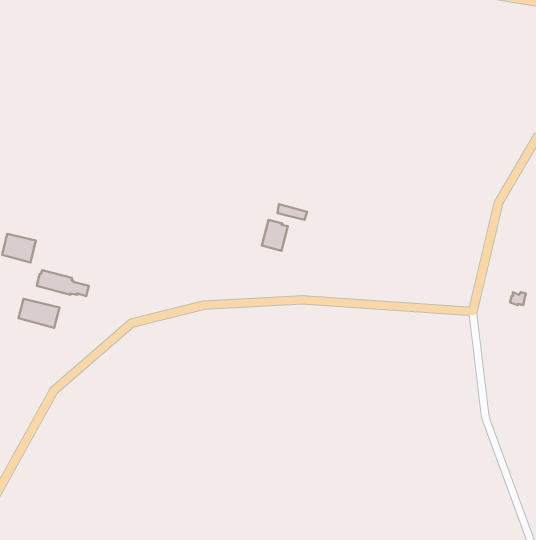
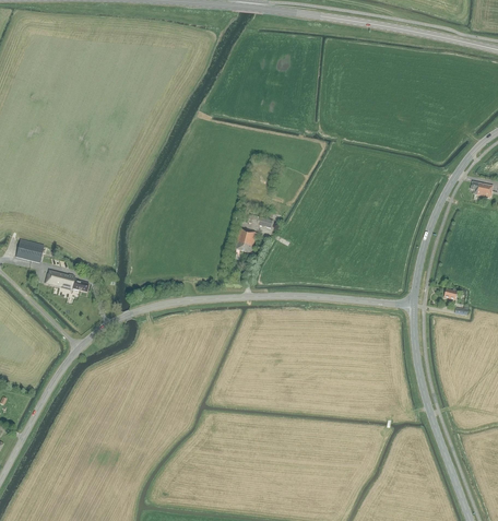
building: [19,299,60,328] -> none

